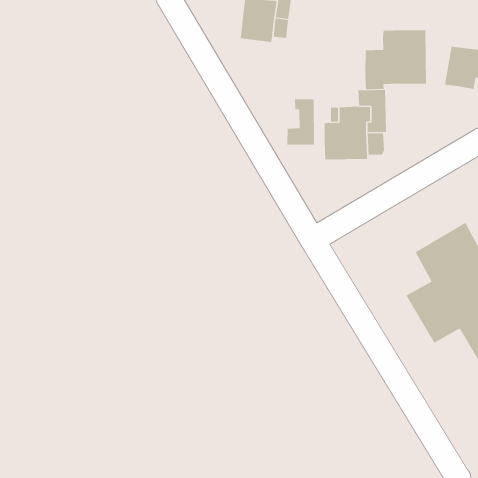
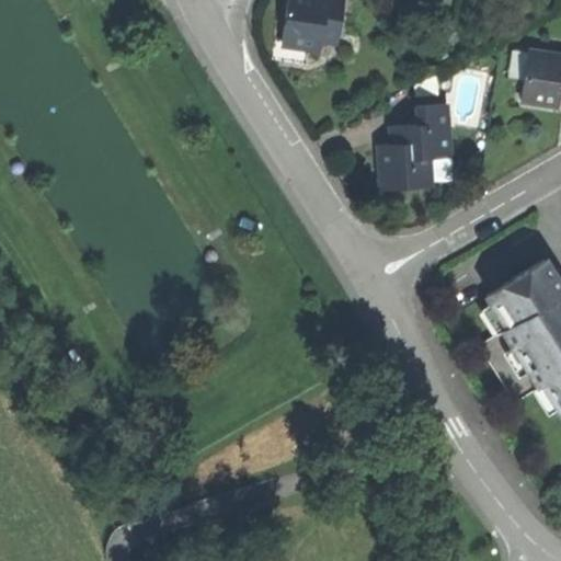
building: [365,29,427,90] -> none
building: [287,98,315,146] -> none

